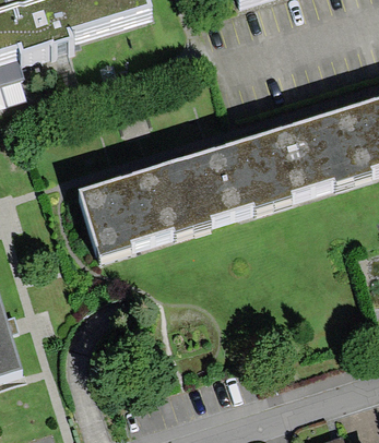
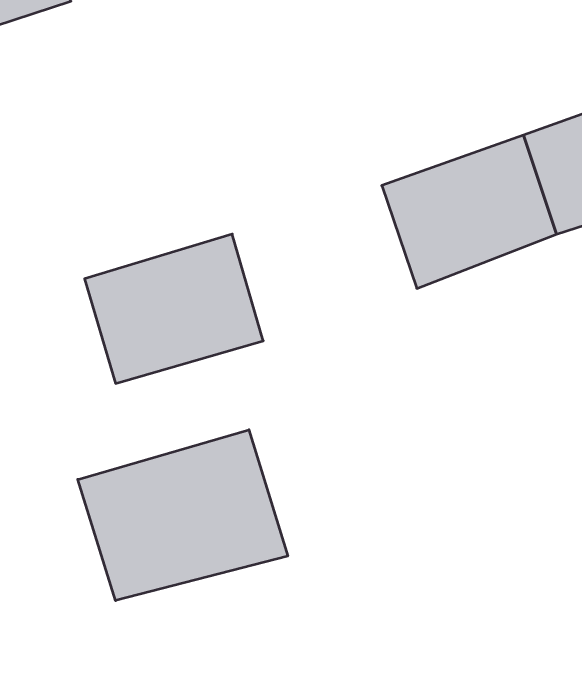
building: [165,149,269,237] -> none
building: none -> [78,430,288,601]

